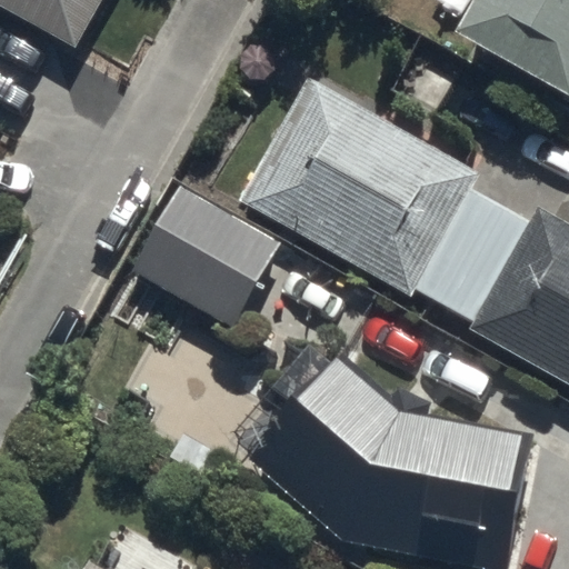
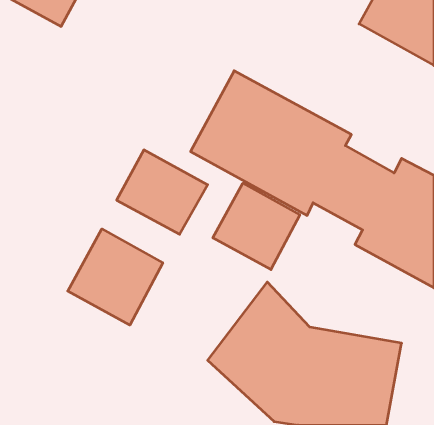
building: none -> [213,183,300,270]
building: none -> [68,229,163,325]

